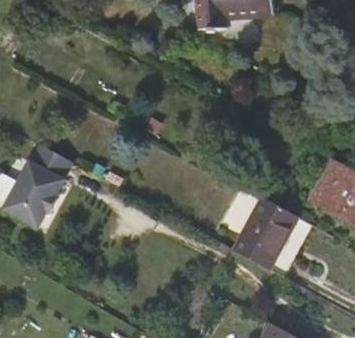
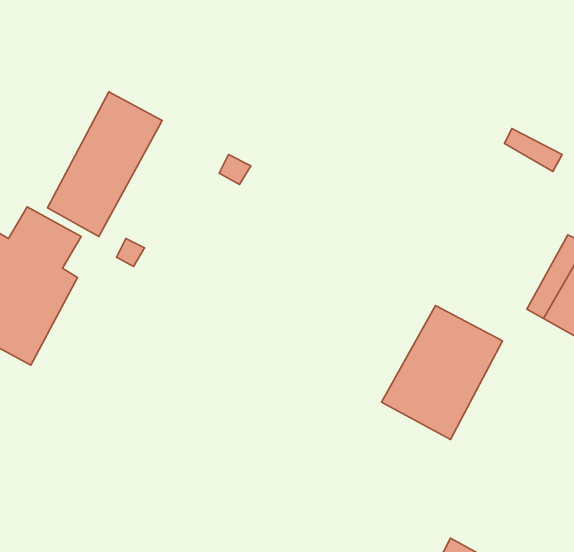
building: none -> [48,92,162,236]

